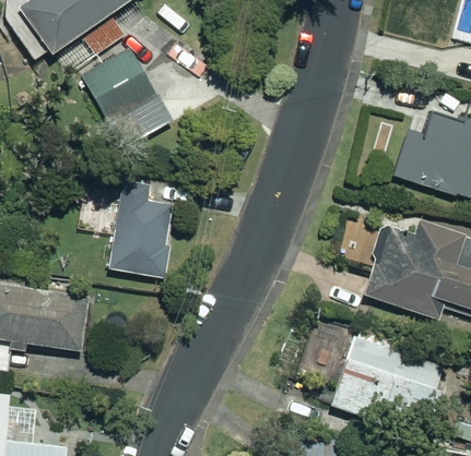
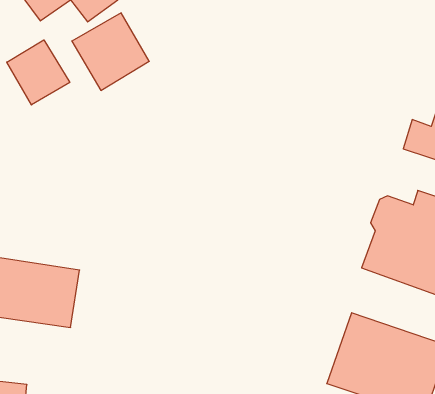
building: none -> [7,40,70,105]
building: [106,178,187,278] -> none

